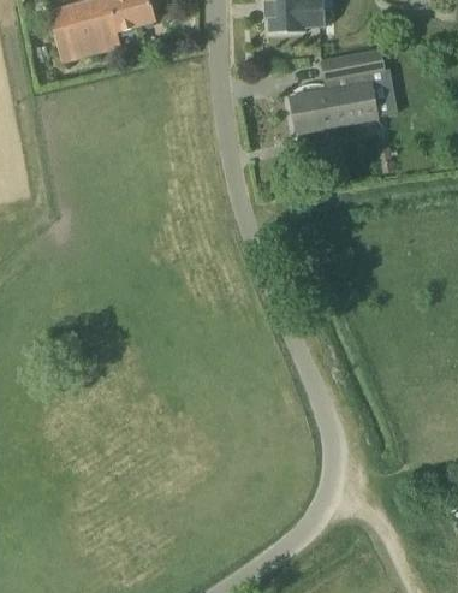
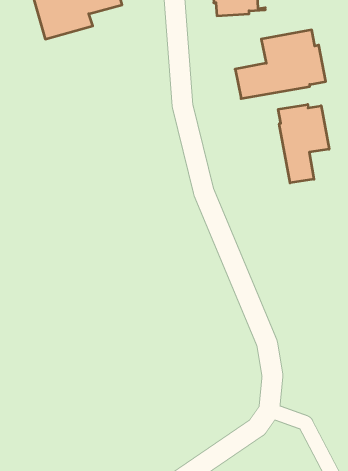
building: none -> [278,104,329,183]

